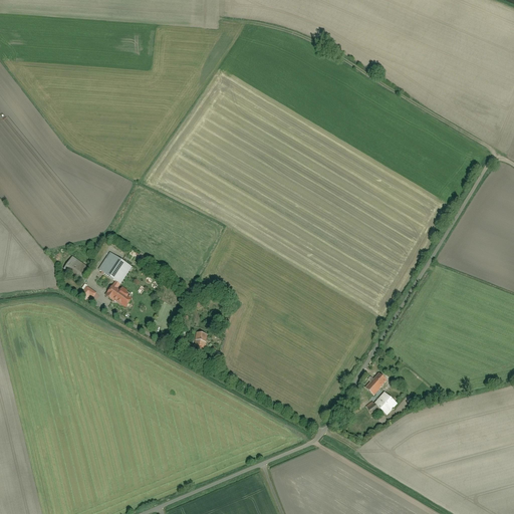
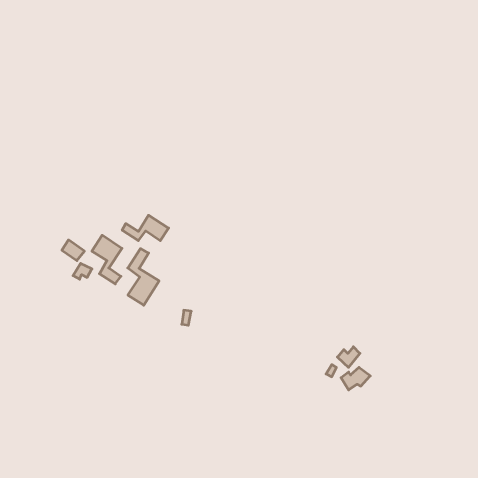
building: none -> [122,215,169,241]
building: none -> [128,249,159,305]

